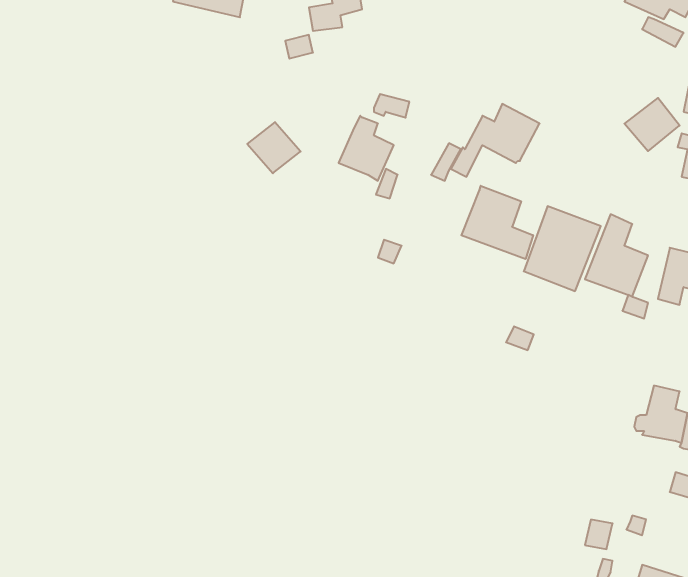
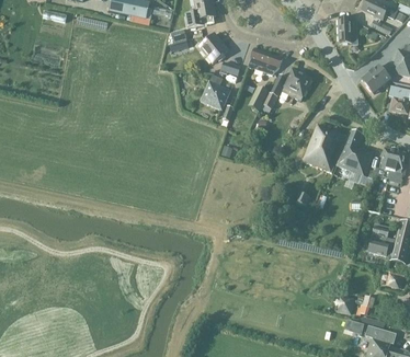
building: none -> [337,15,357,45]
building: none -> [248,47,283,73]
building: [247,122,301,173] -> [198,33,228,61]
building: [461,186,533,259] -> none

